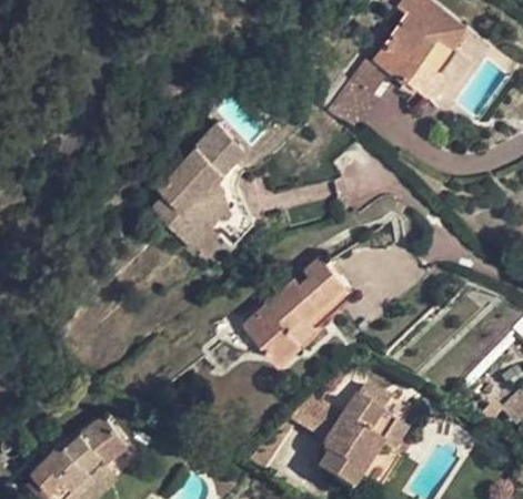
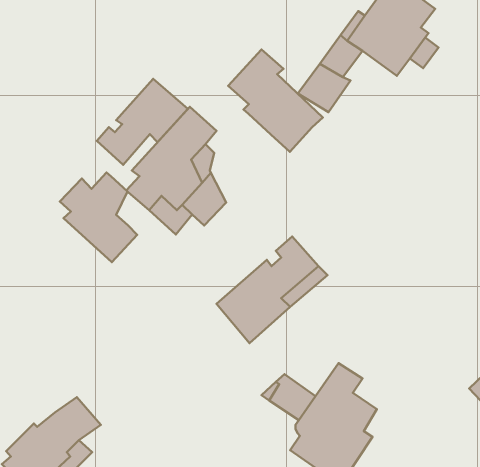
building: none -> [228,50,323,152]
building: none -> [97,79,188,165]
building: none -> [60,172,137,262]

